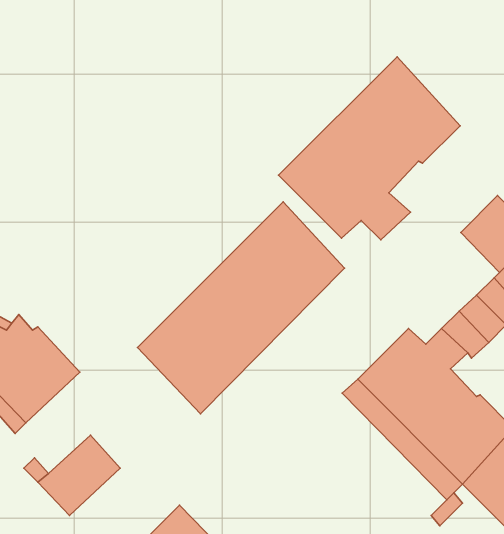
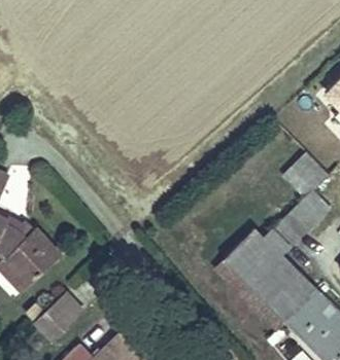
building: [279,57,460,240] -> none
building: [137,202,344,414] -> none

